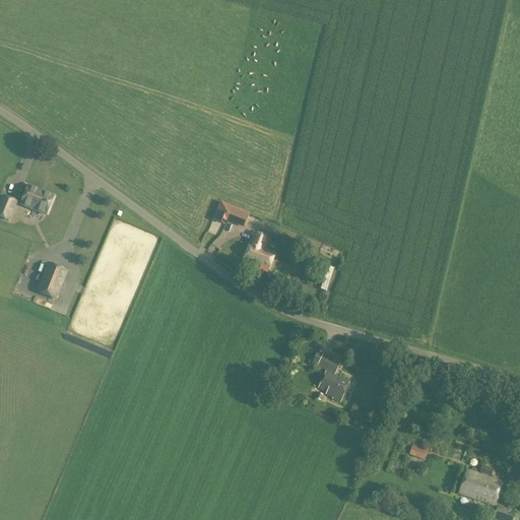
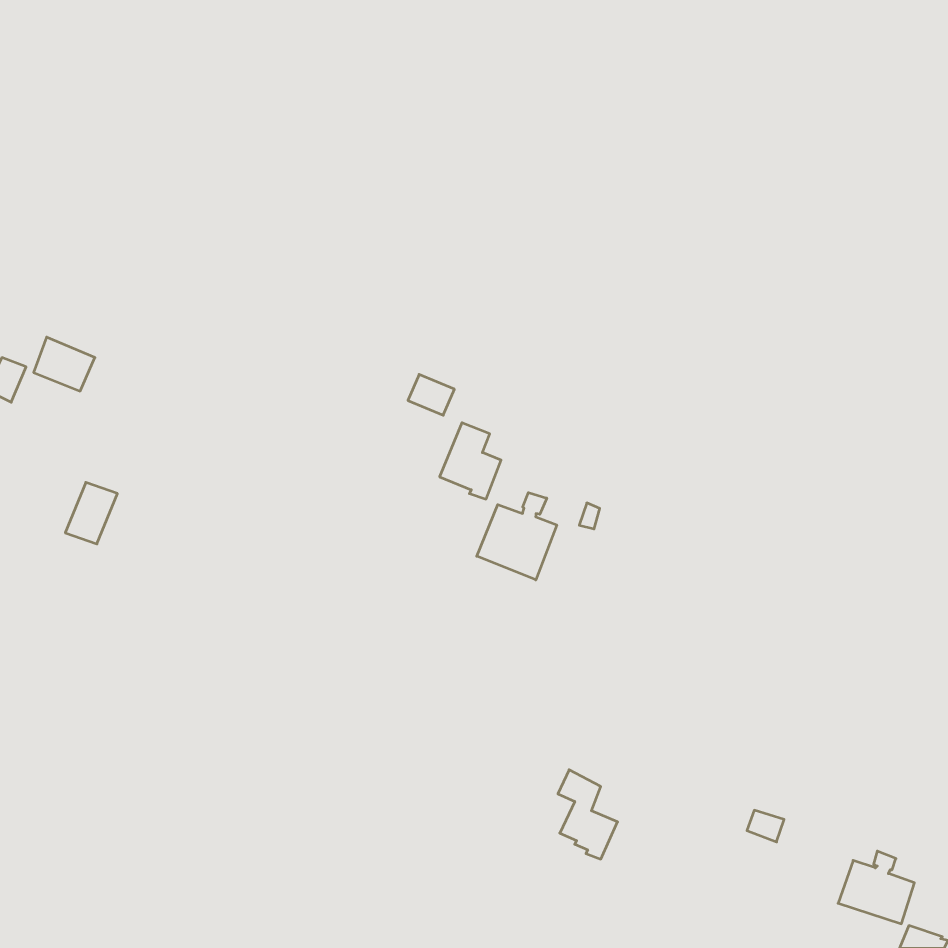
building: none -> [477,493,557,580]
building: [315,352,347,401] -> [558,770,618,859]

